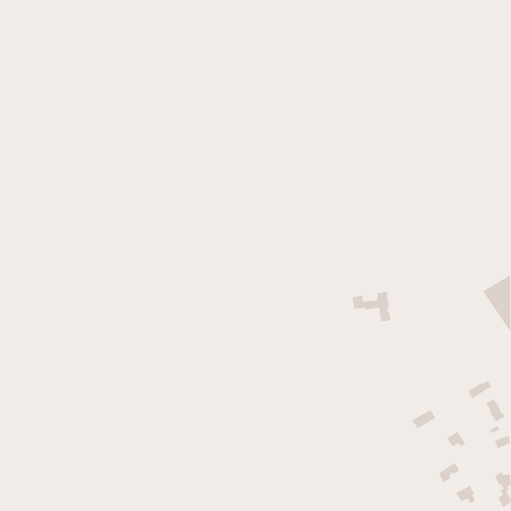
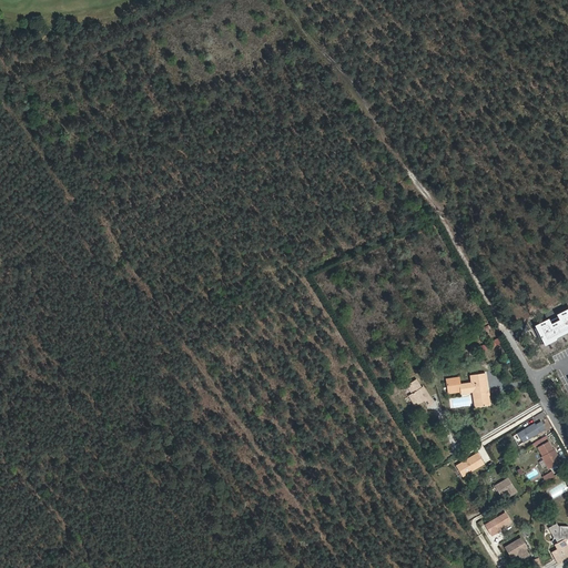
building: [351,291,391,322] -> [446,373,490,407]

